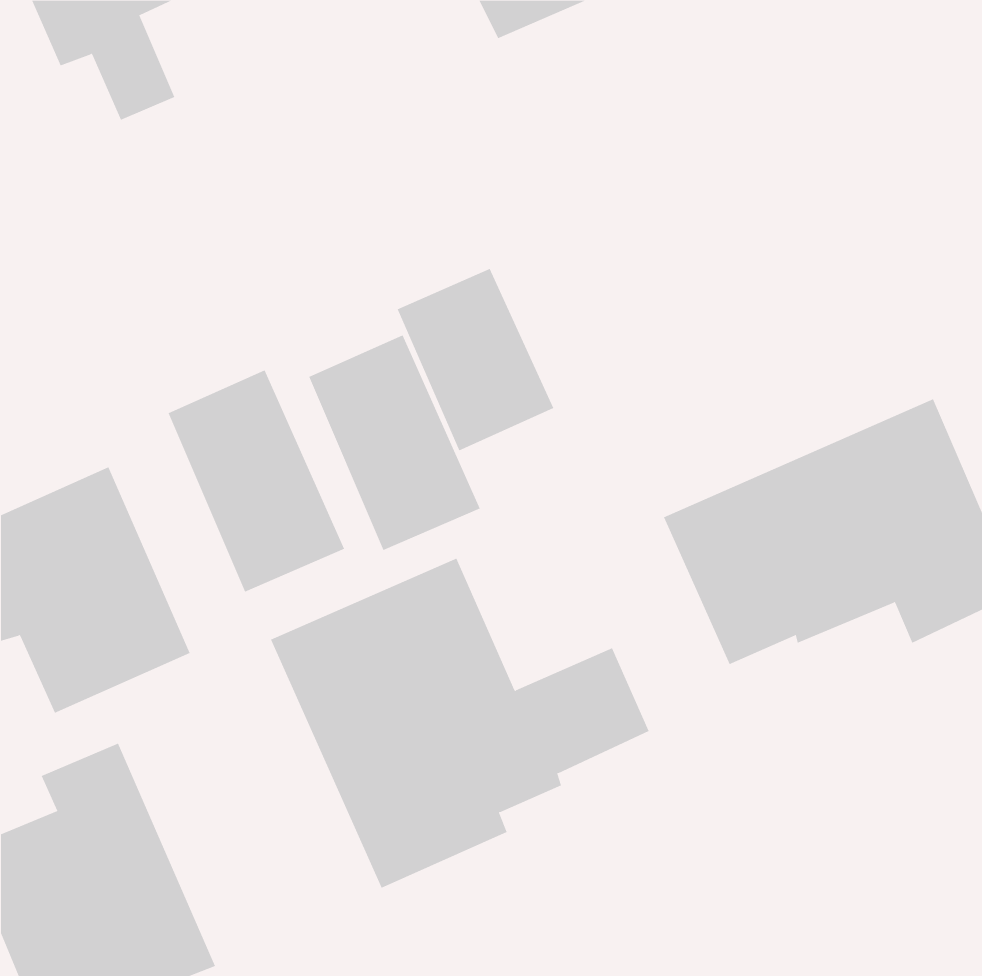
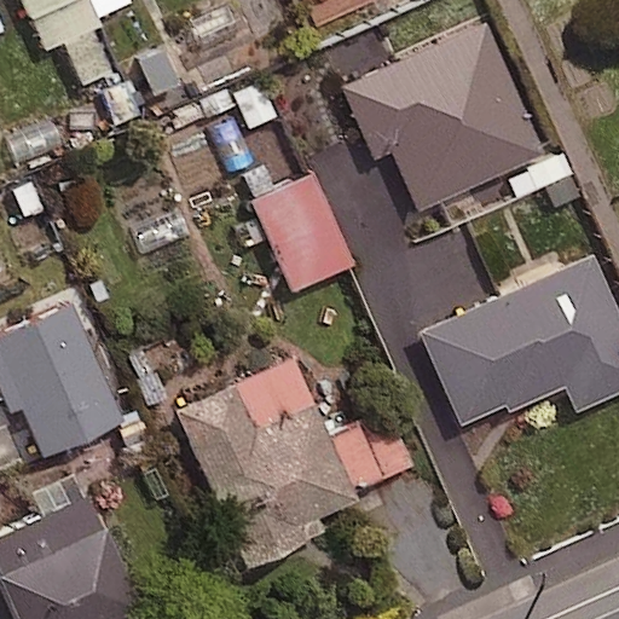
building: none -> [343,25,545,210]
building: [308,334,480,551] -> none
building: [168,369,345,592] -> none

